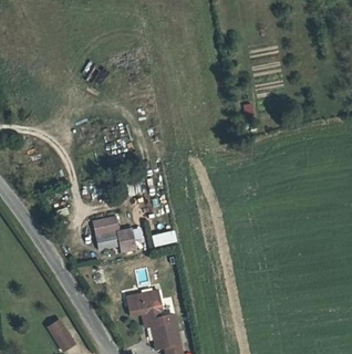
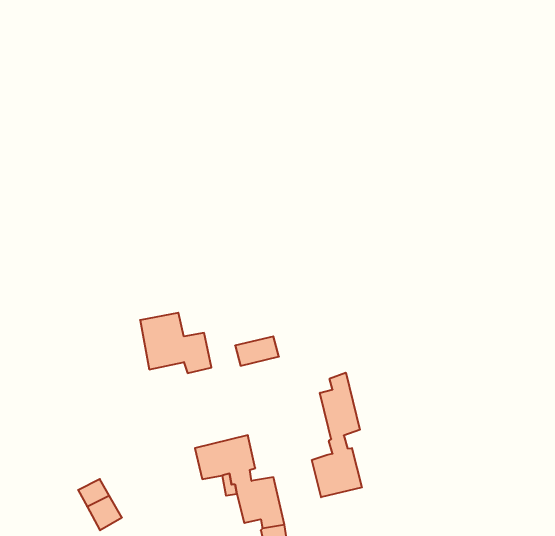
building: none -> [312,373,362,497]

